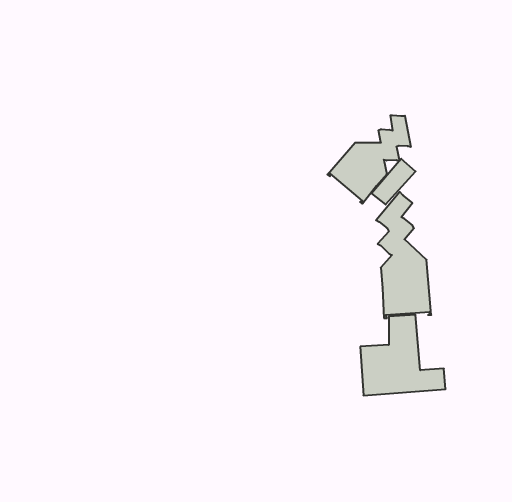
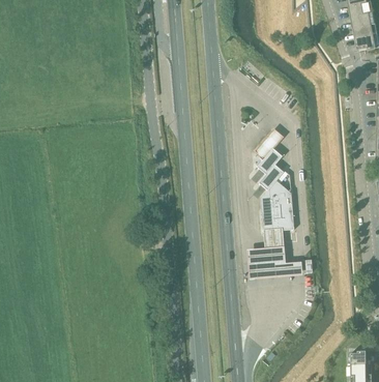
building: [327,115,411,204] -> none

